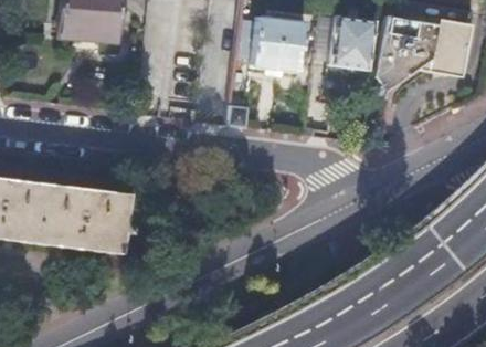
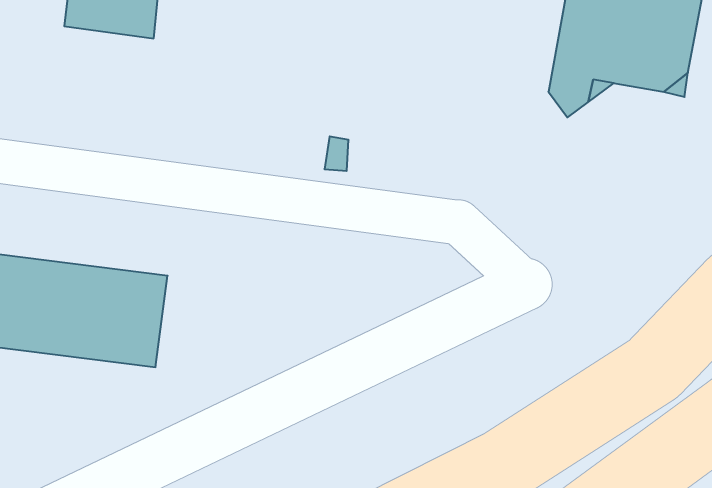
building: [326,22,371,76] -> none
building: [246,23,311,80] -> none

